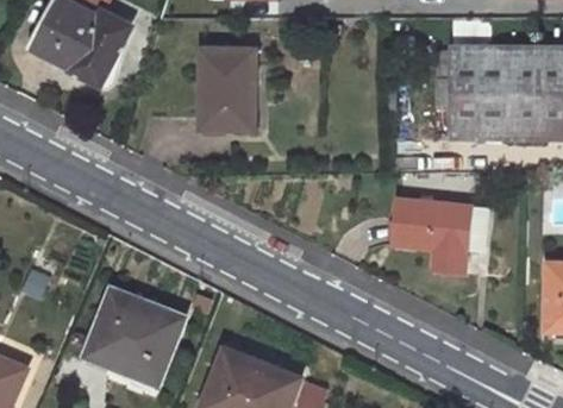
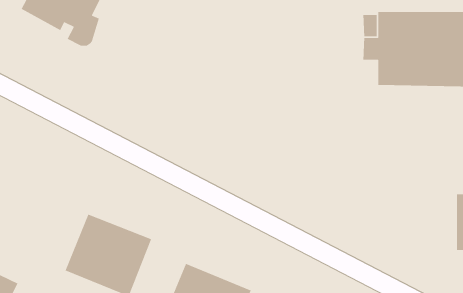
building: [200,50,255,128] -> none
building: [392,200,488,253] -> none

